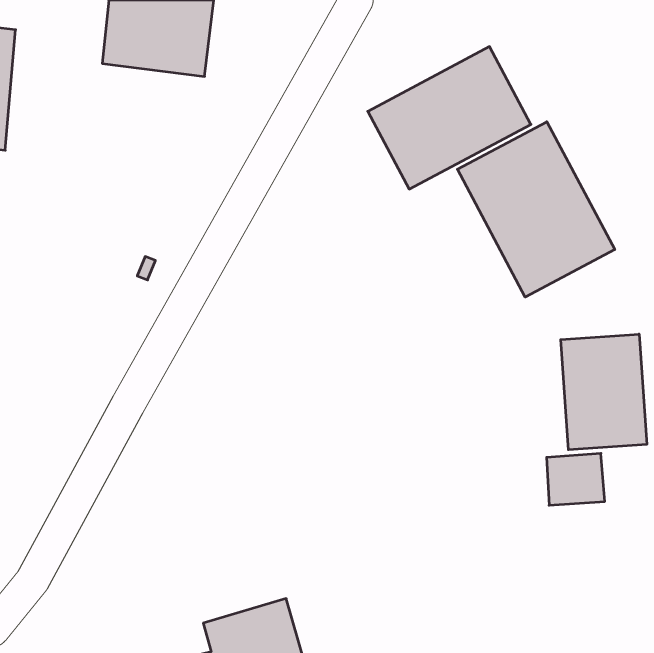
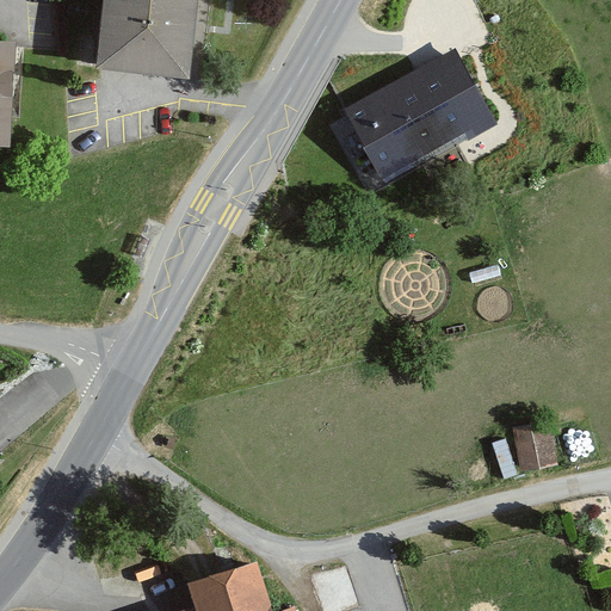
building: [457,122,615,297] -> none
building: [561,334,647,450] -> none

